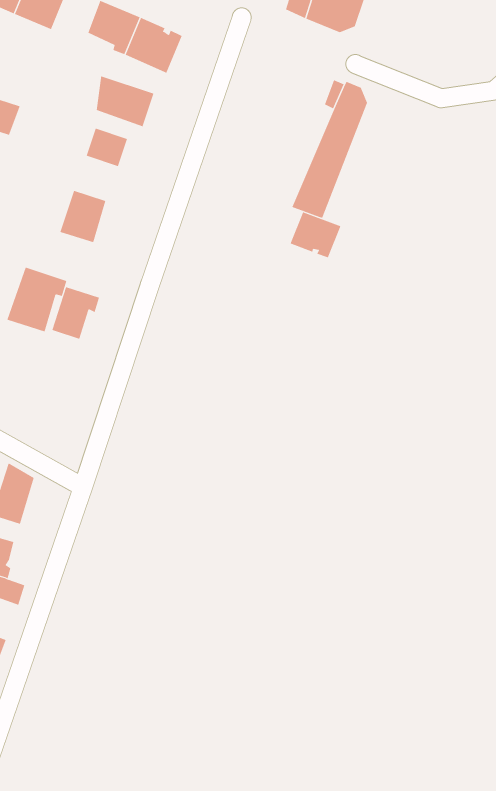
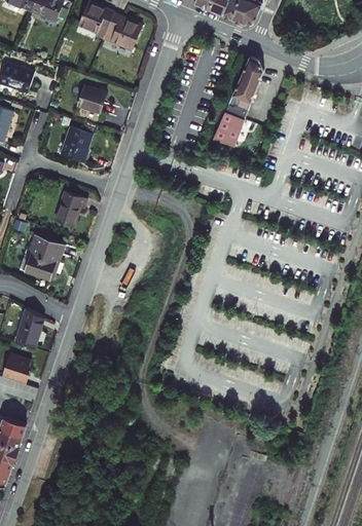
building: [96,76,154,127] -> none
building: [290,211,341,258] -> none
building: [6,267,67,332] -> [25,235,65,278]

